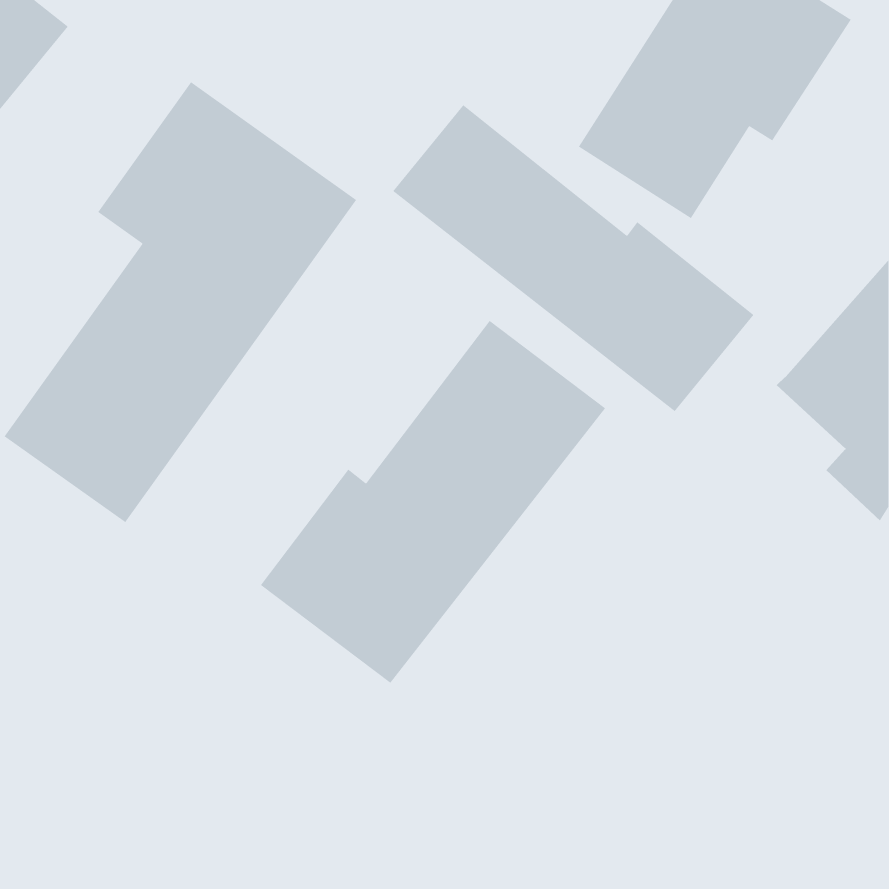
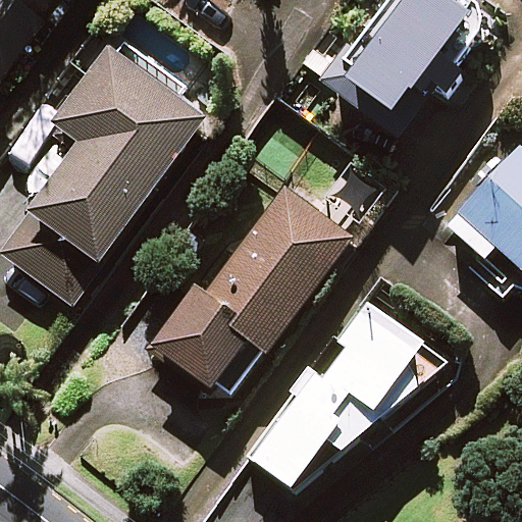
building: [392,104,754,412] -> none
building: none -> [250,294,445,486]

